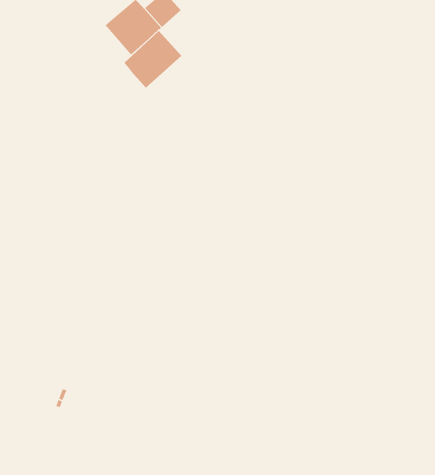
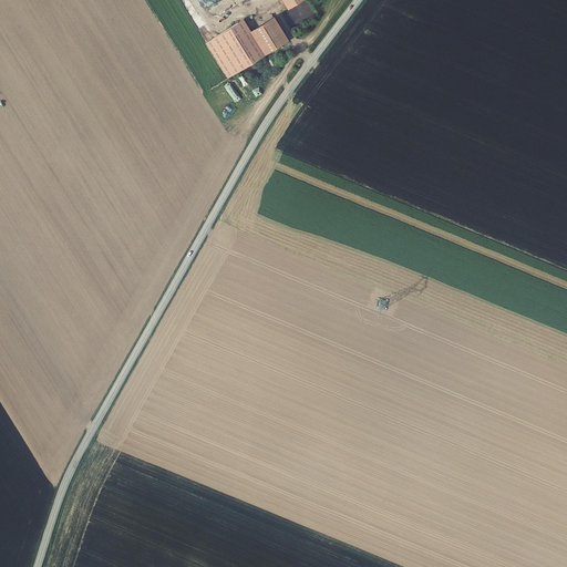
building: [123,30,182,88] -> none

